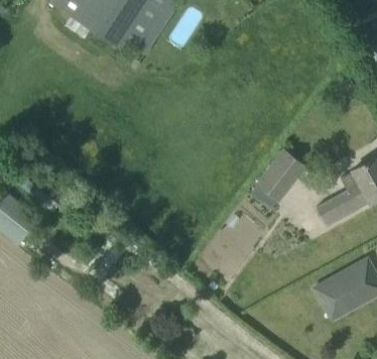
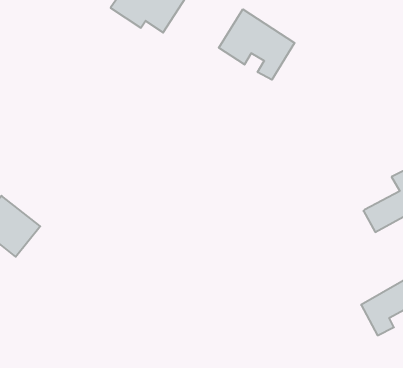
building: none -> [219,9,295,80]
building: [258,150,304,201] -> none

